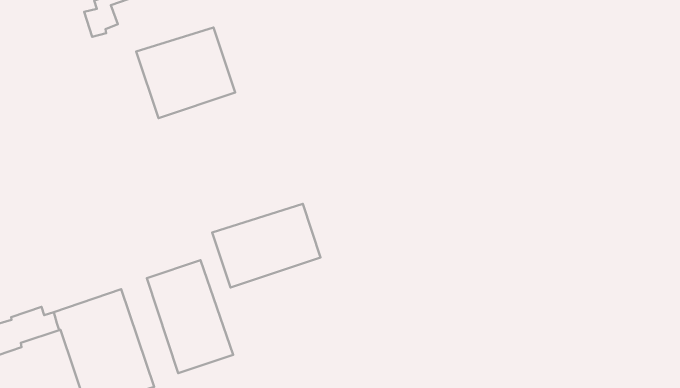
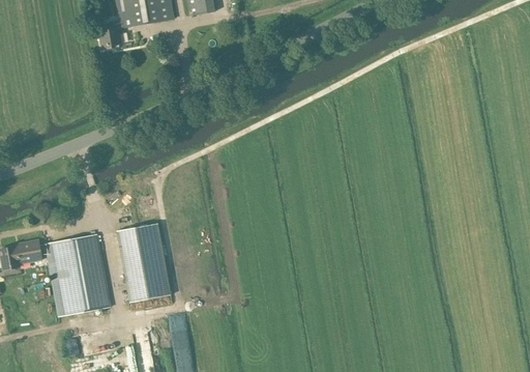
building: [136,27,235,118] -> none
building: [212,204,321,288] -> none

